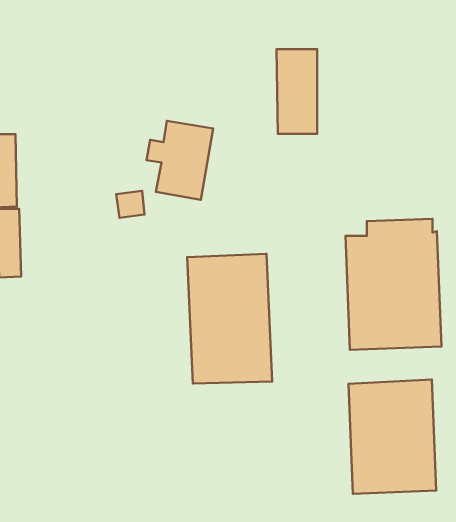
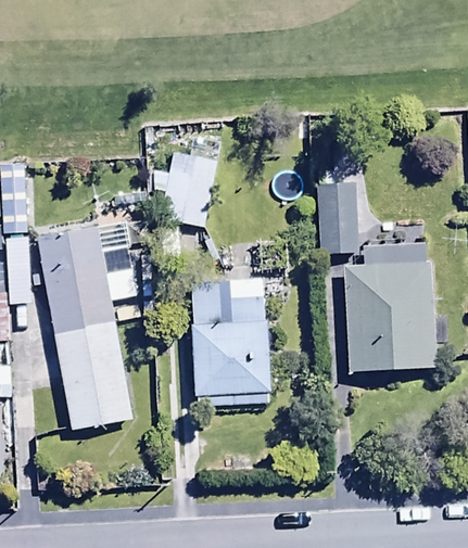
building: [277,49,317,134] -> [318,171,357,253]
building: none -> [37,224,137,429]
building: [349,379,436,494] -> none

